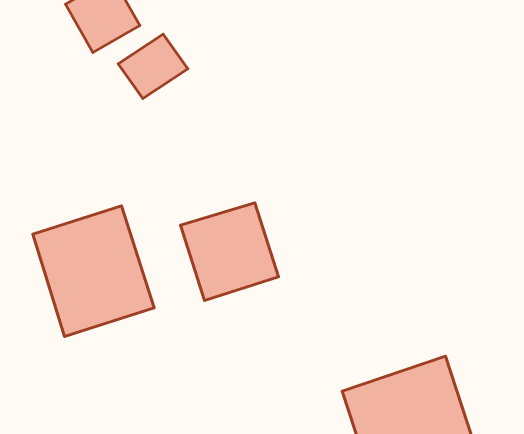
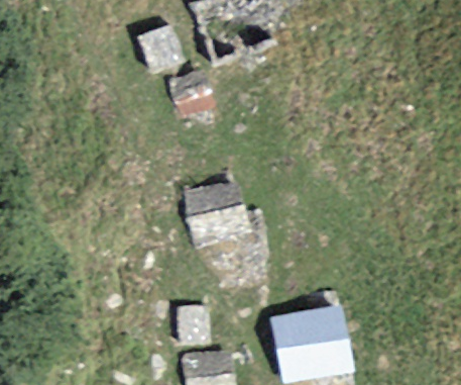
building: [33,206,154,336] -> none

